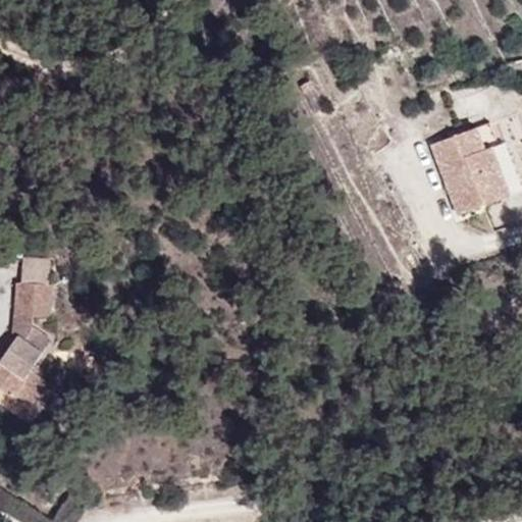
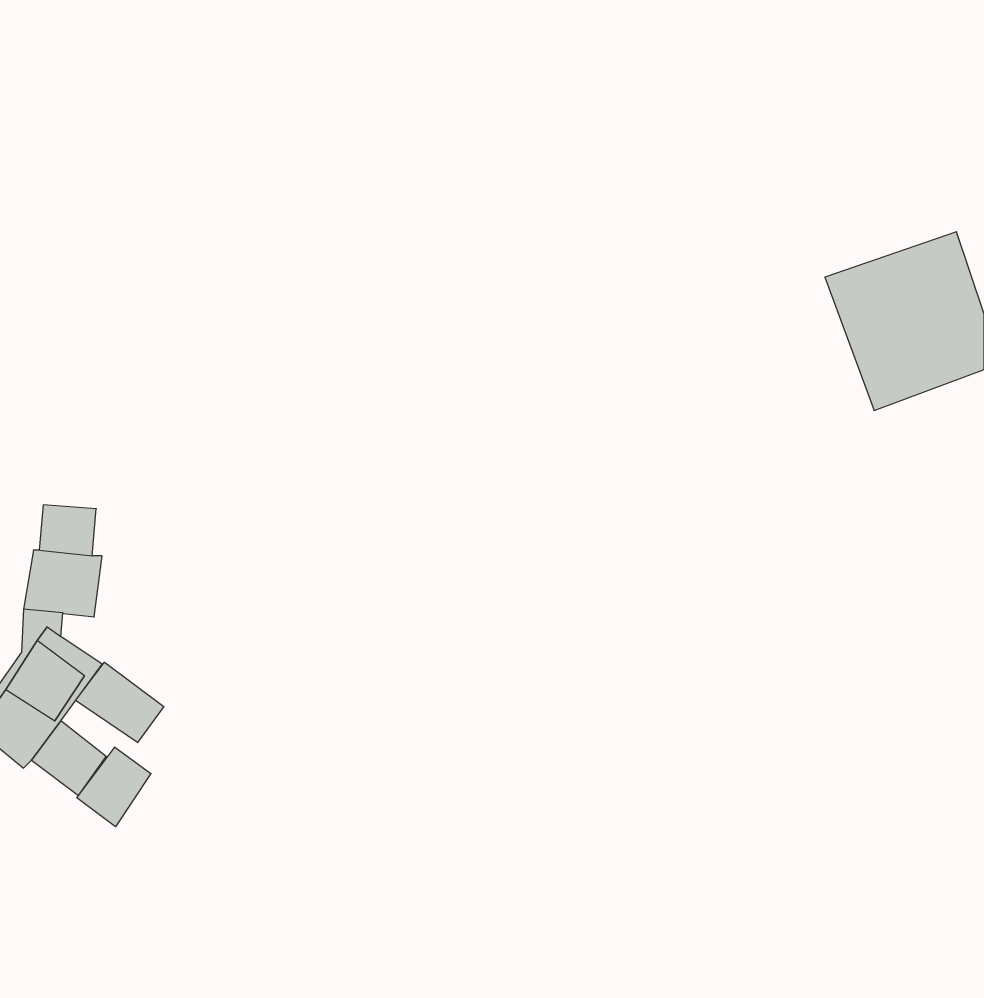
building: none -> [76,662,164,743]
building: none -> [77,747,151,827]

